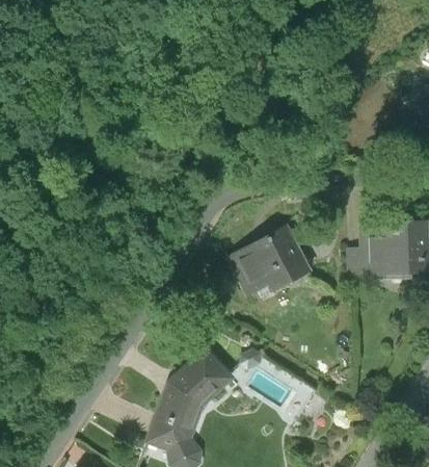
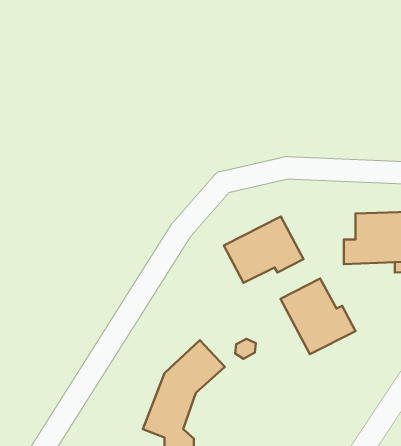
building: none -> [281,279,355,354]

